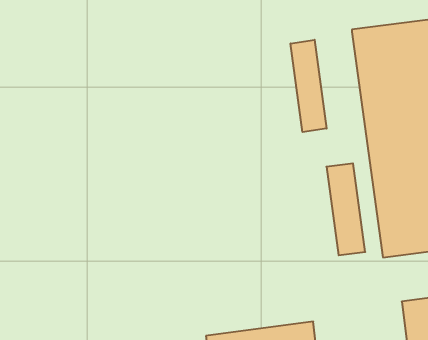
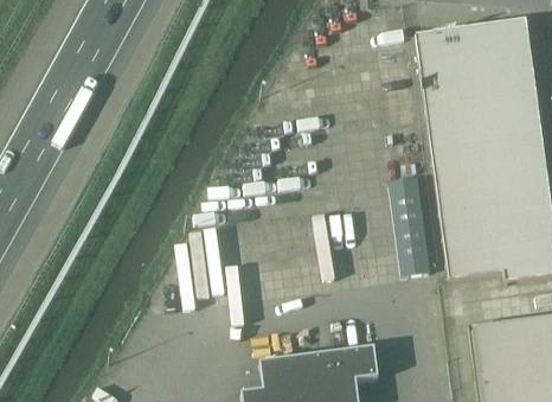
building: [291,40,327,132] -> none

